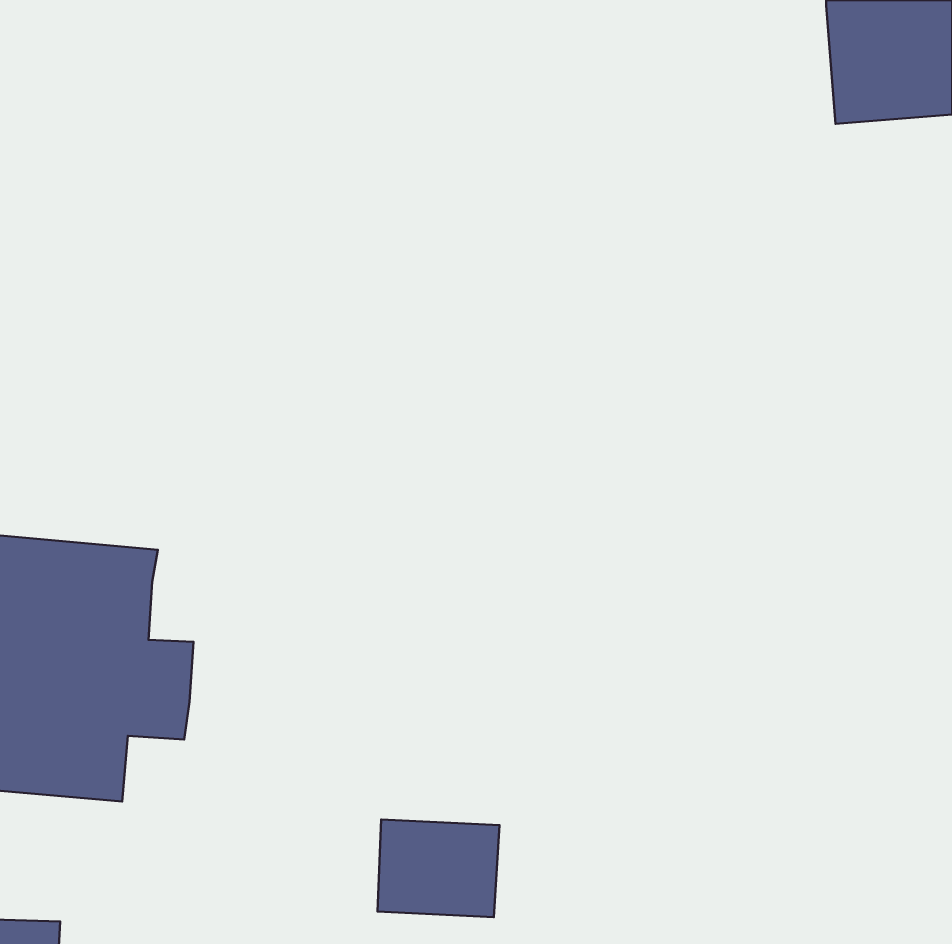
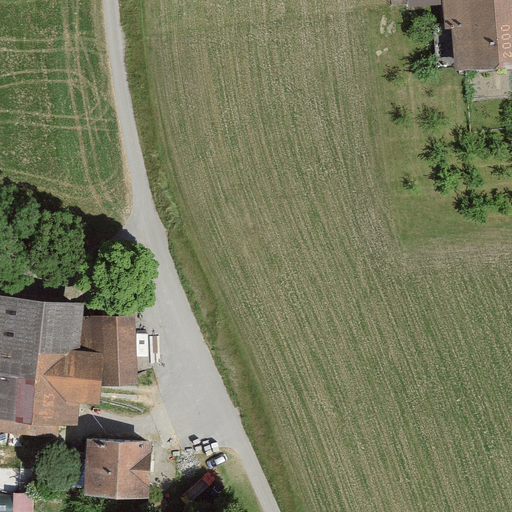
building: none -> [79,318,140,384]
building: [378,820,500,917] -> [87,441,152,493]

